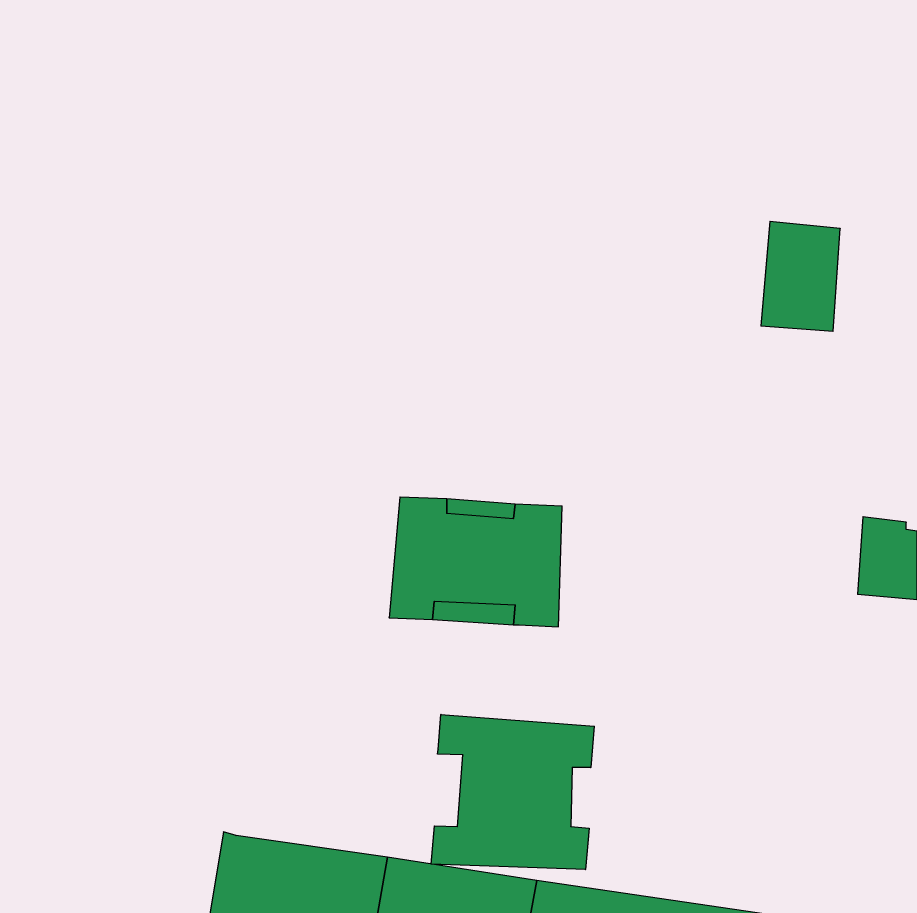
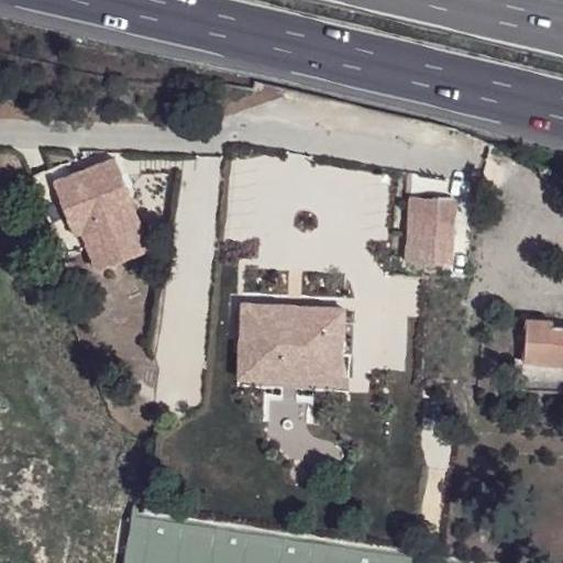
building: [761,221,840,331] -> [404,205,452,272]
building: none -> [53,157,148,269]
building: [431,714,594,870] -> none

